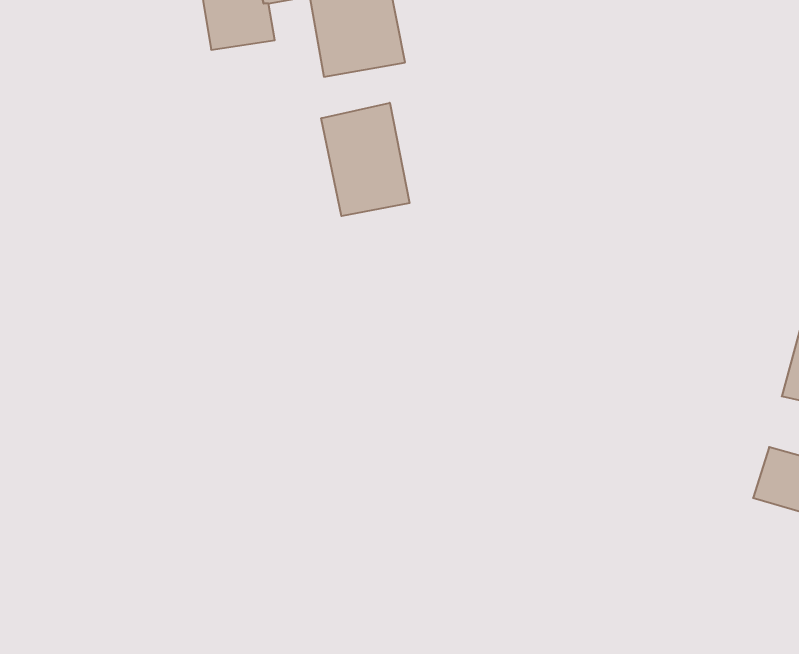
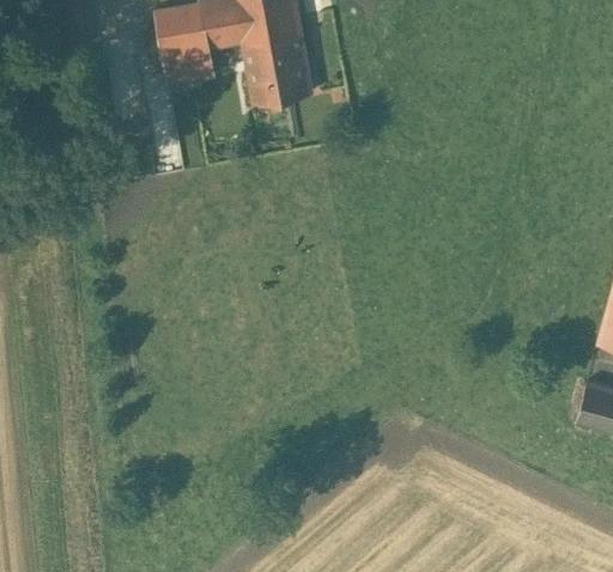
building: [321,103,410,216] -> none

